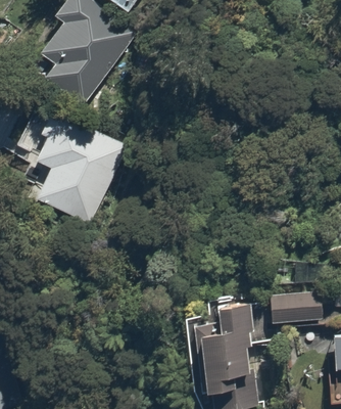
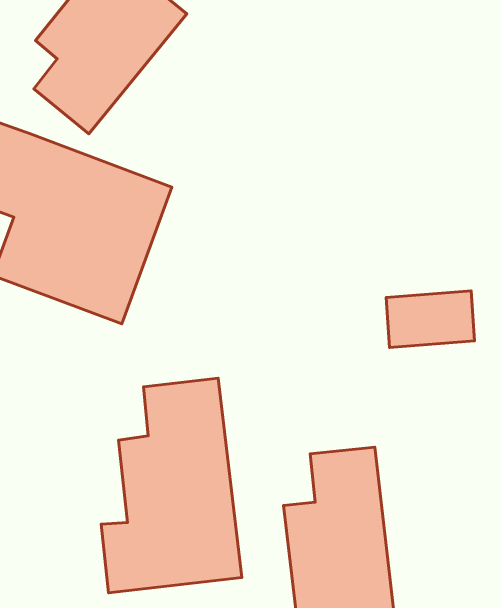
building: none -> [101,378,242,593]
building: [269,287,323,322] -> [386,291,474,348]

